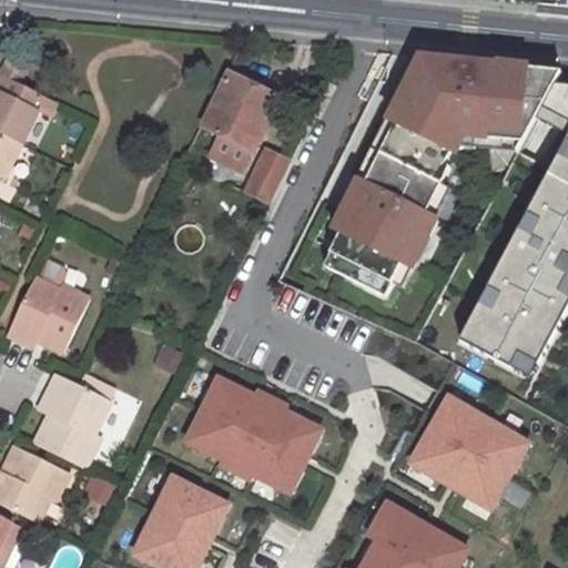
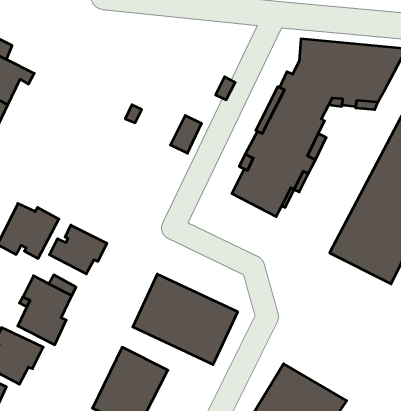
building: [201,74,275,171] -> none
building: none -> [49,225,107,274]
building: [409,390,538,514] -> none

